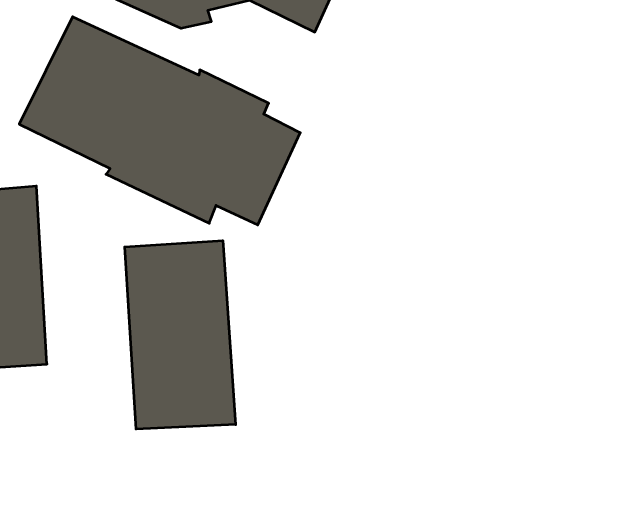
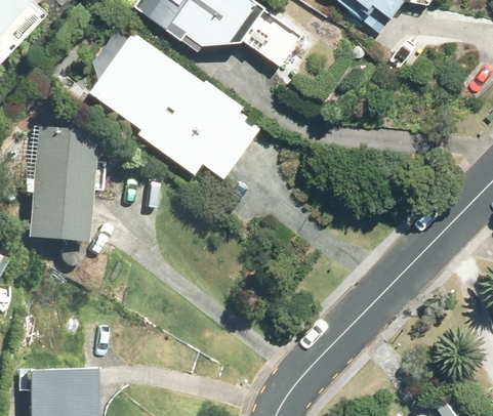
building: [125,241,236,429] -> none

